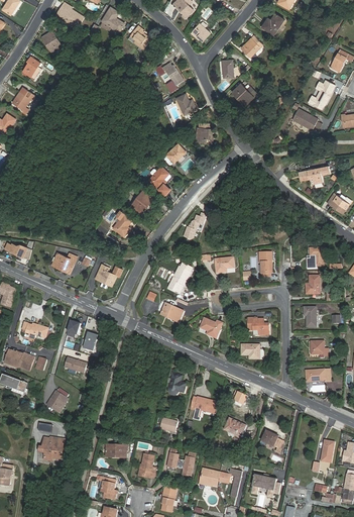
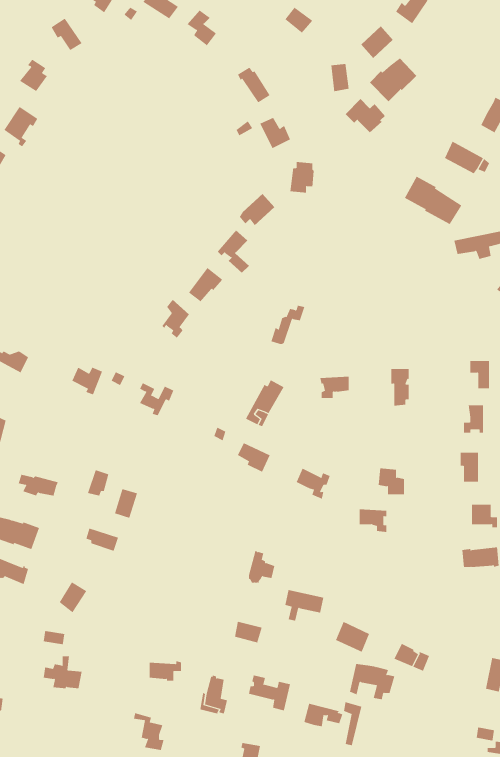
building: none -> [369,57,417,102]
building: none -> [404,176,462,225]
building: [250,474,279,497] -> [349,663,395,700]

